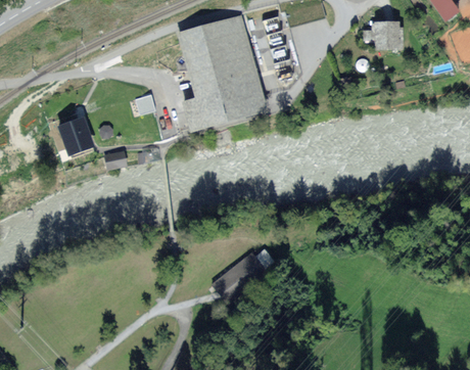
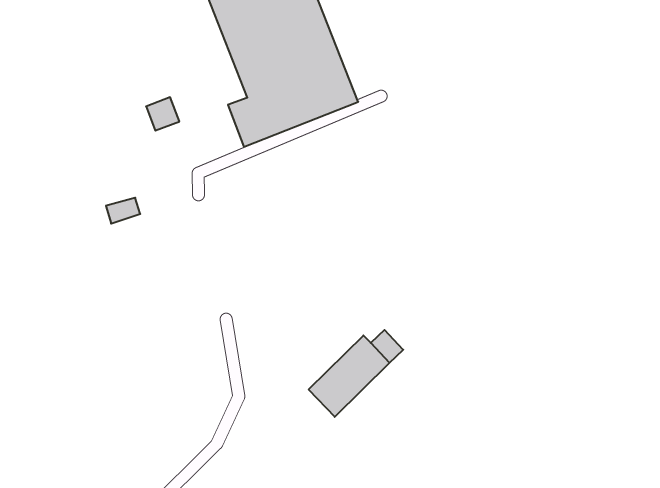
building: [53,118,91,158] -> none

